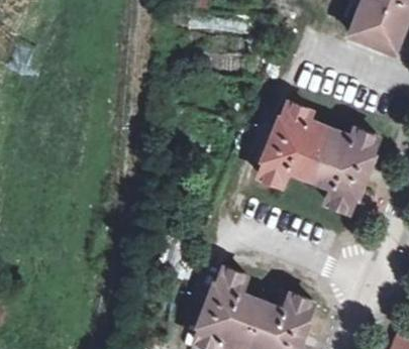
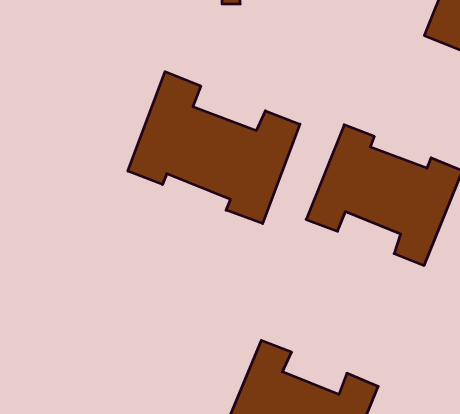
building: none -> [128,72,300,224]

